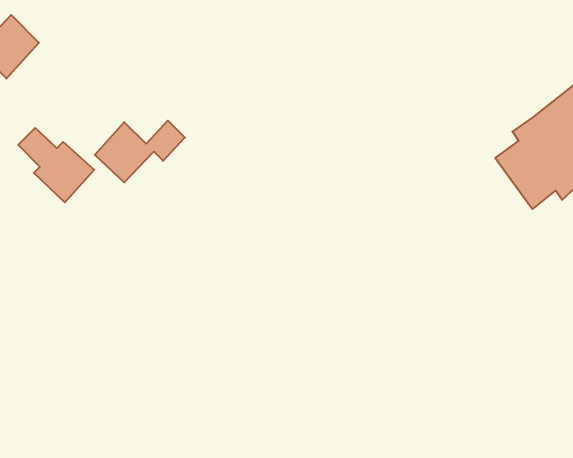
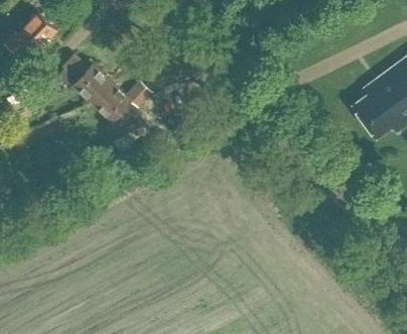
building: [18,128,94,202] -> [63,54,113,103]

